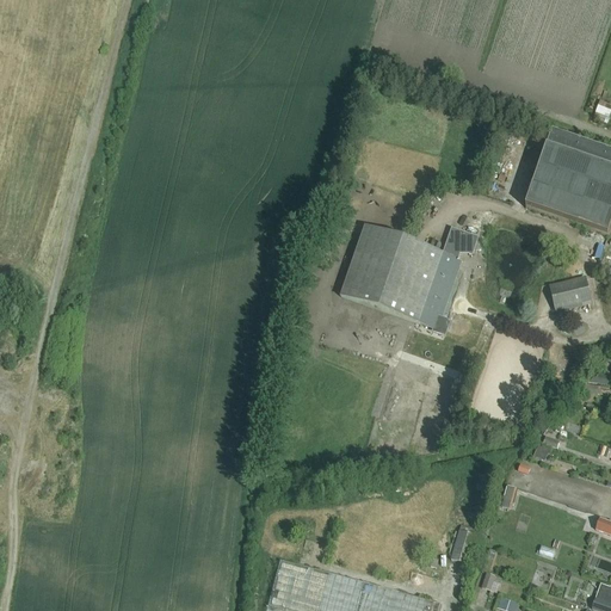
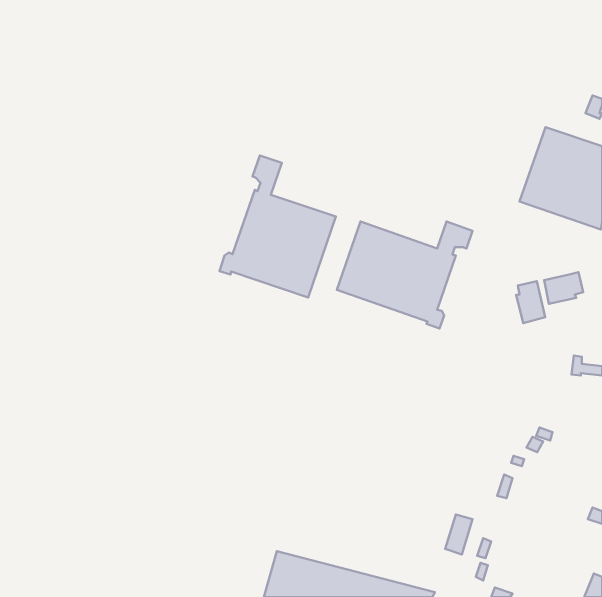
building: none -> [219,156,336,297]
building: none -> [516,281,545,323]

